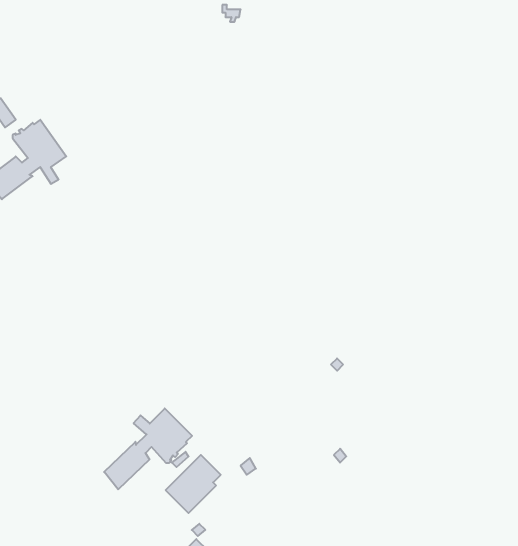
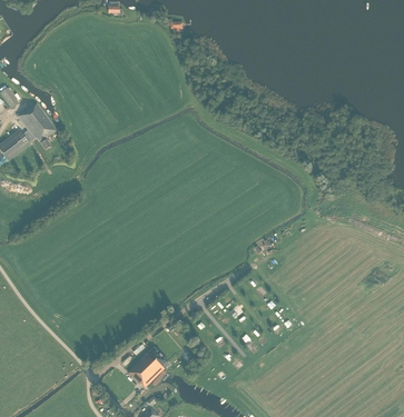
building: [104,408,192,489] -> none

